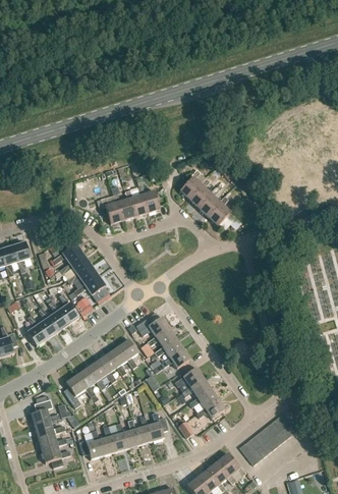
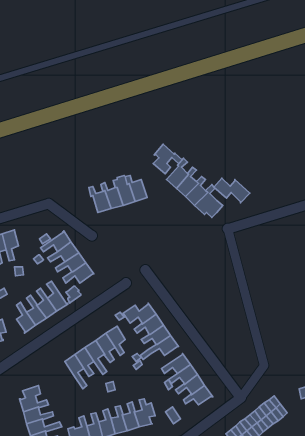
building: none -> [153,144,182,174]
building: none -> [214,178,250,203]
building: [63,374,86,407] -> none

